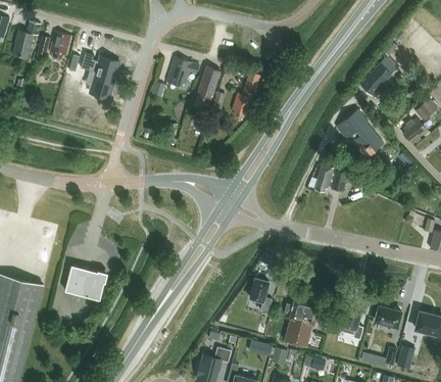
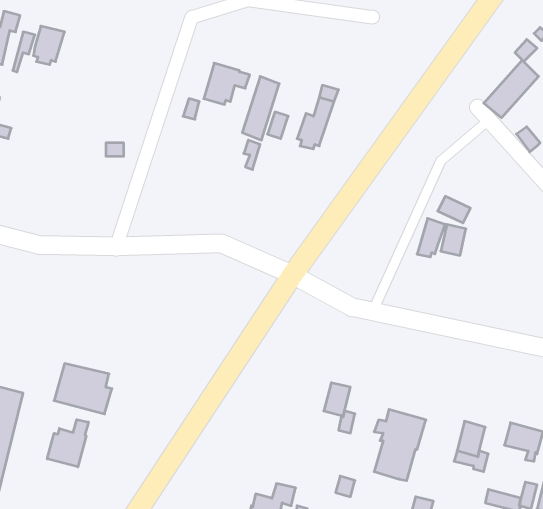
building: [81,52,119,92] -> none
building: [335,107,385,155] -> none
building: none -> [47,420,88,467]

